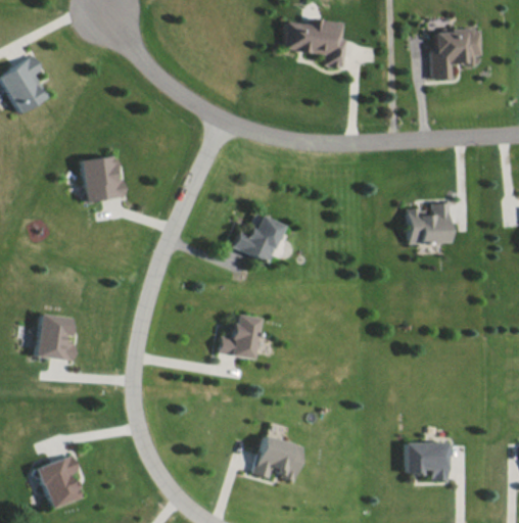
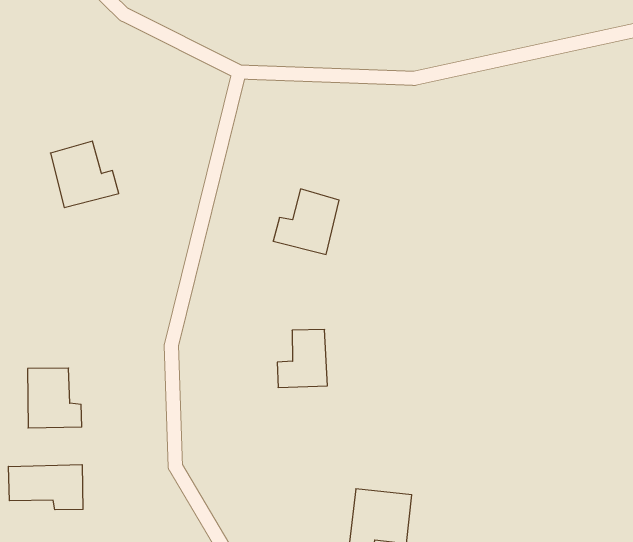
building: [409,202,450,242] -> none
building: none -> [8,465,83,510]
building: [407,441,450,480] -> none

